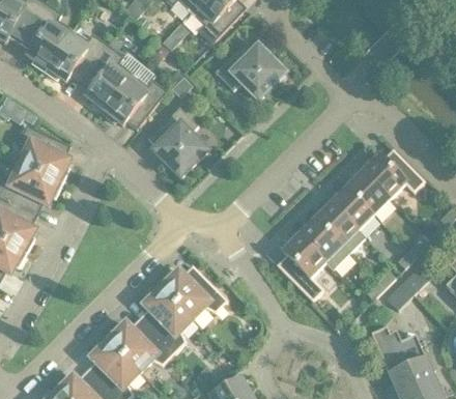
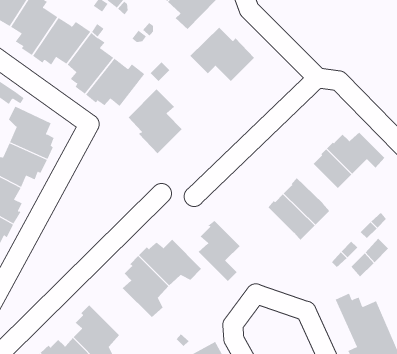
building: [330,187,374,229] -> none
building: [281,233,326,300] -> [198,220,240,282]
building: [107,320,174,371] -> none

